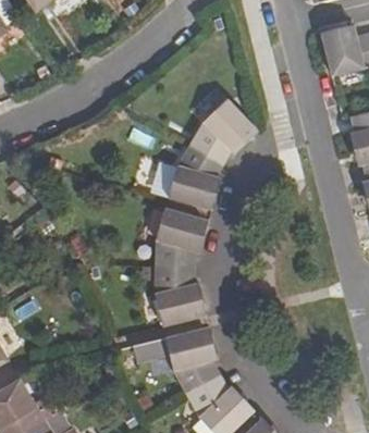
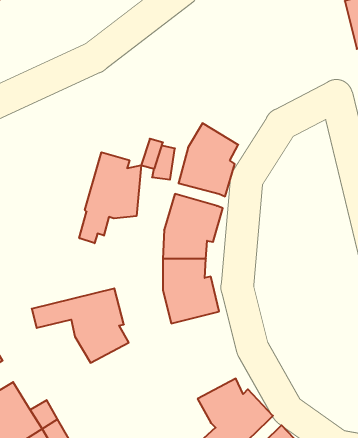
building: [192,98,259,163] -> none
building: none -> [79,152,141,243]
building: [134,326,222,394] -> [32,288,129,363]

